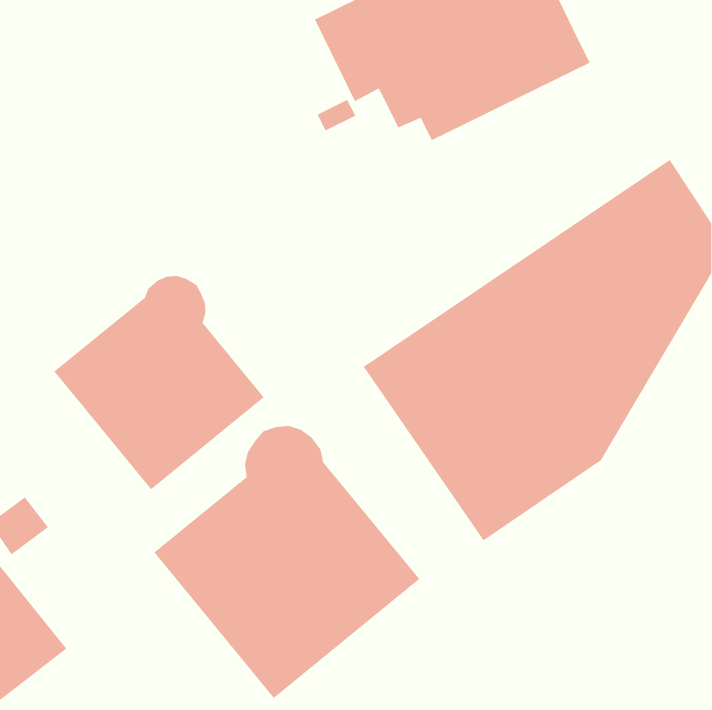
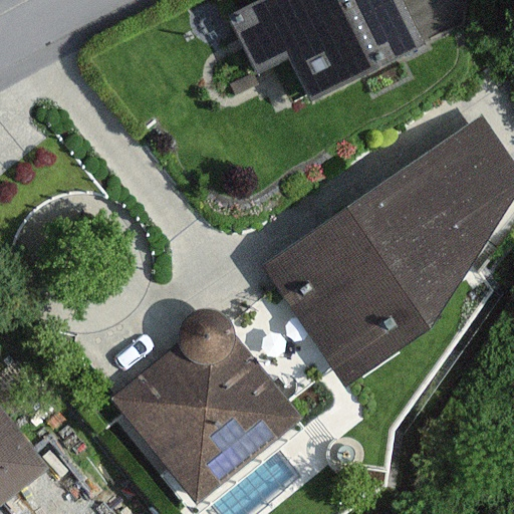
building: [54,275,264,490] -> none

